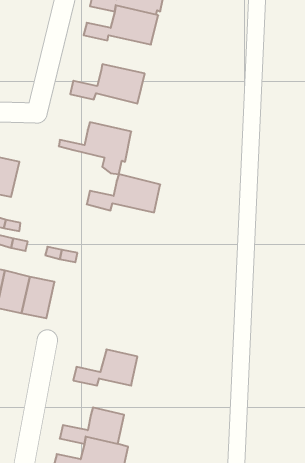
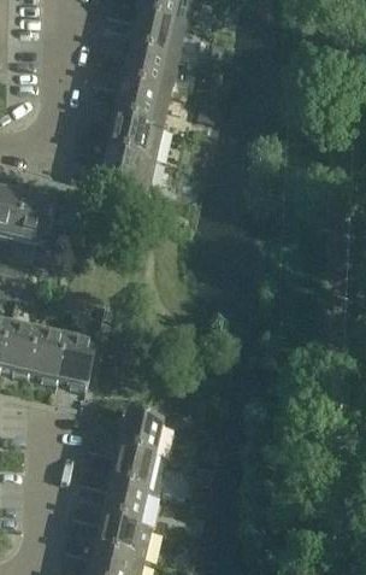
building: none -> [94,47,179,92]
building: none -> [17,194,55,242]
building: [87,174,160,212] -> [78,115,164,159]
building: none -> [58,334,98,383]
building: none -> [82,446,169,491]

